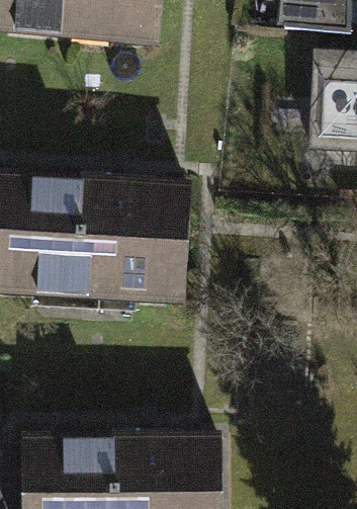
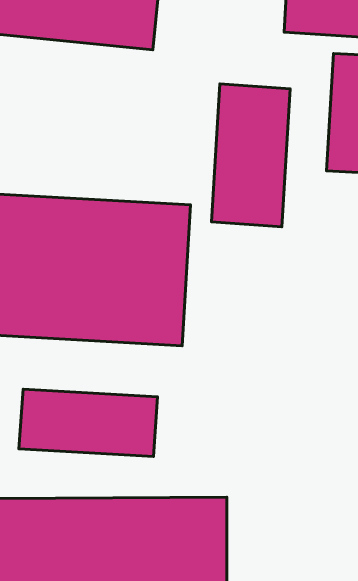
building: none -> [212,84,290,227]
building: none -> [19,389,158,456]

